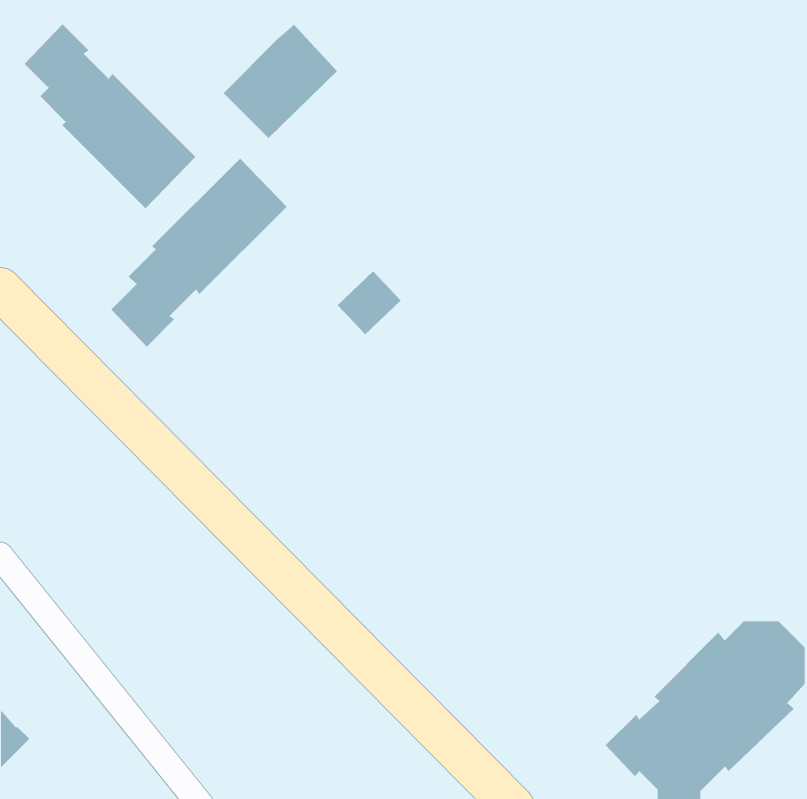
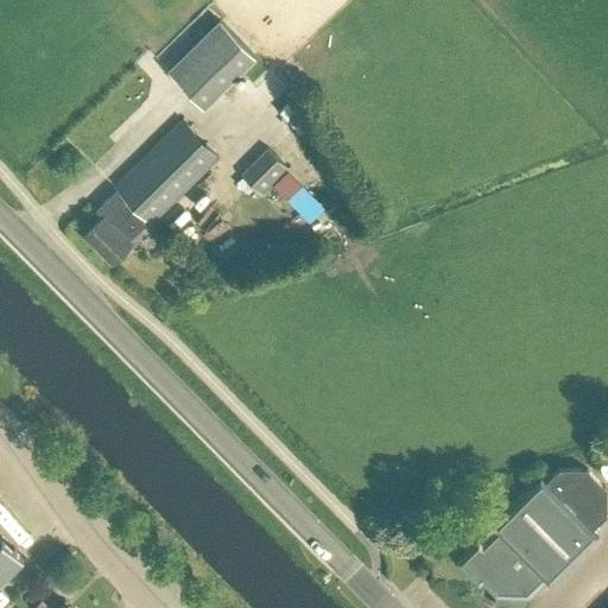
building: [24,23,196,209] -> none
building: [337,271,402,335] -> [240,151,289,200]

